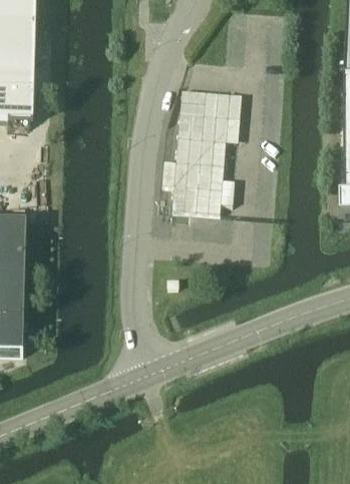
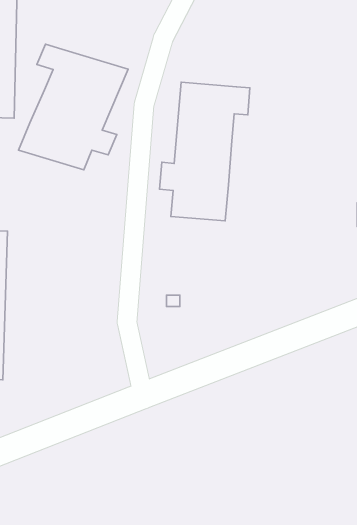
building: none -> [19,44,128,170]

